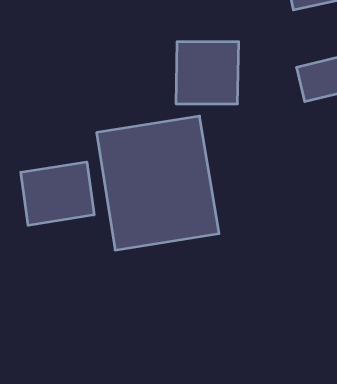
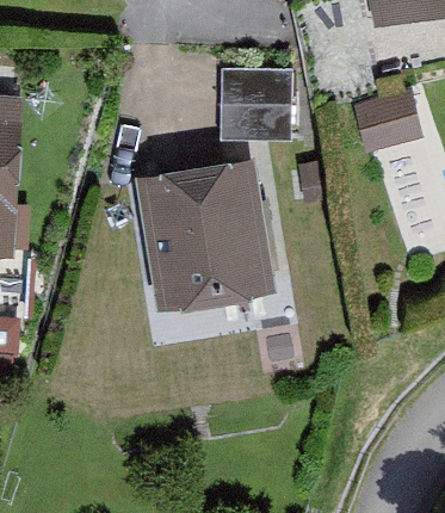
building: [21,162,94,225] -> none

